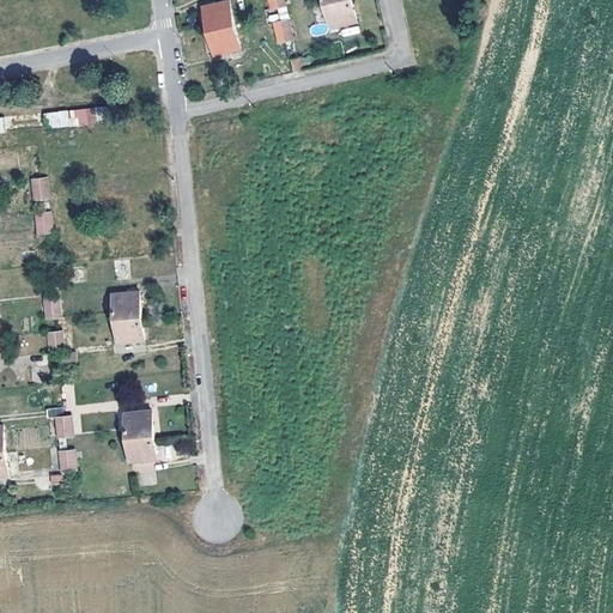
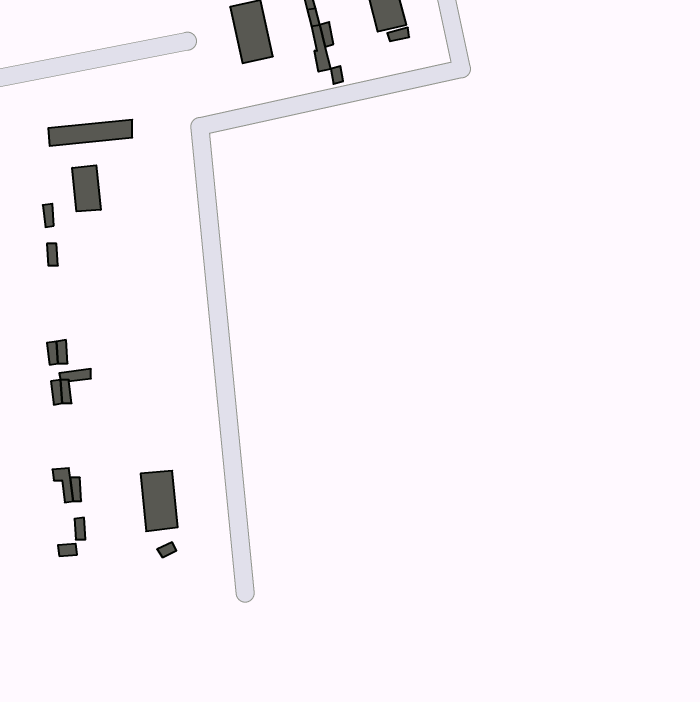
building: none -> [72,165,101,211]
building: [110,290,141,342] -> none

